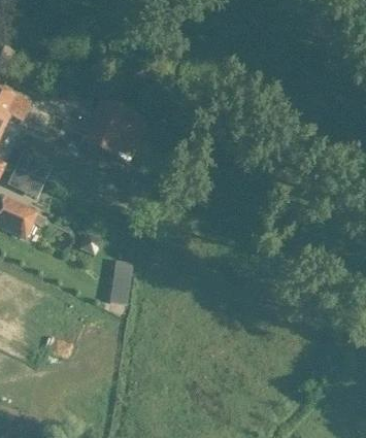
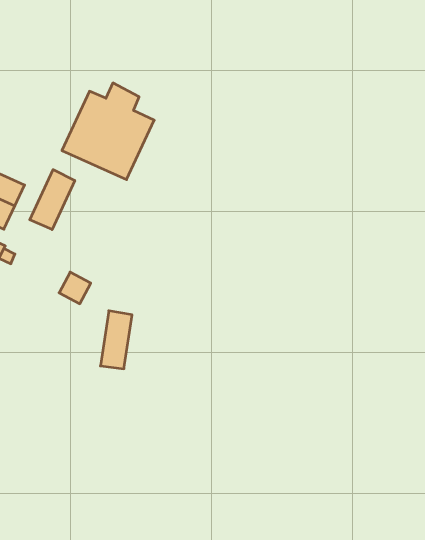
building: none -> [30,170,75,230]

